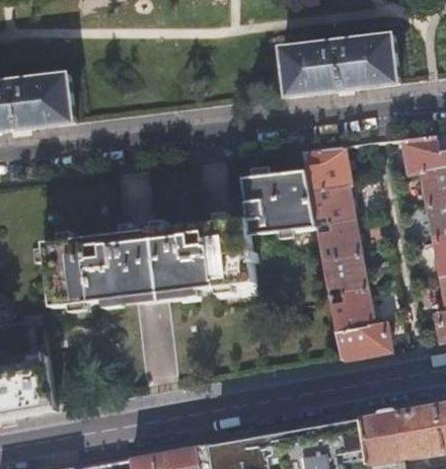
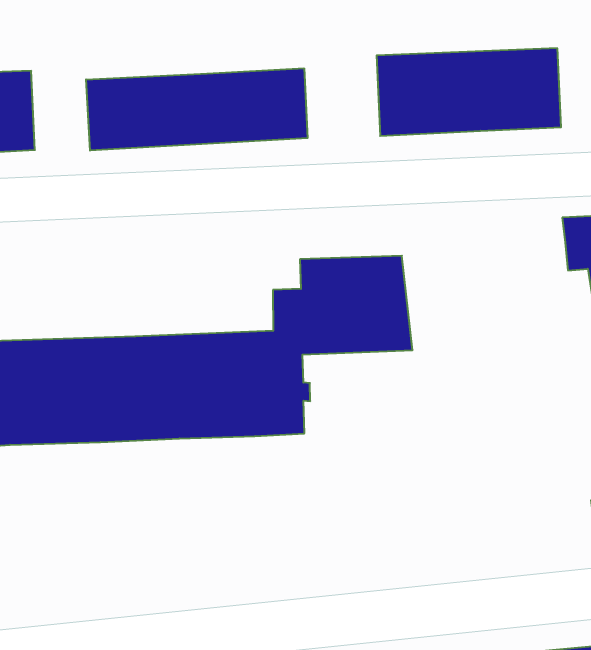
building: none -> [86,68,308,151]
building: [303,146,388,359] -> none

